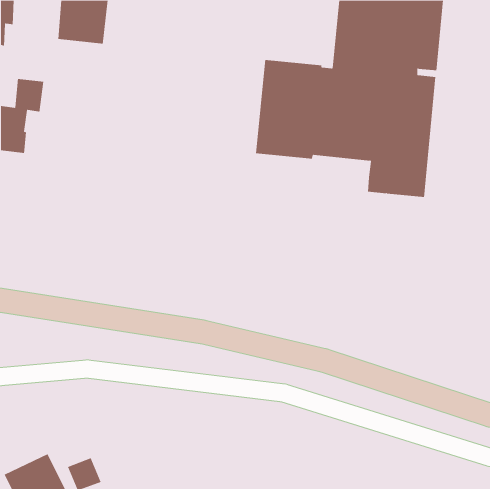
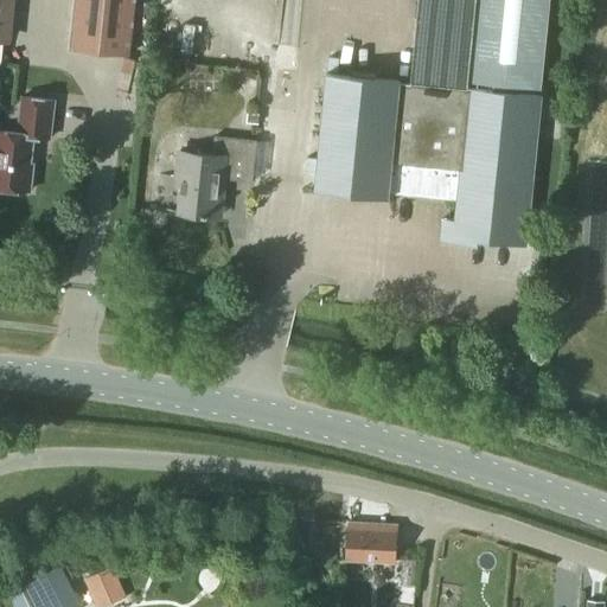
building: none -> [177,138,256,216]
building: none -> [345,523,398,563]

